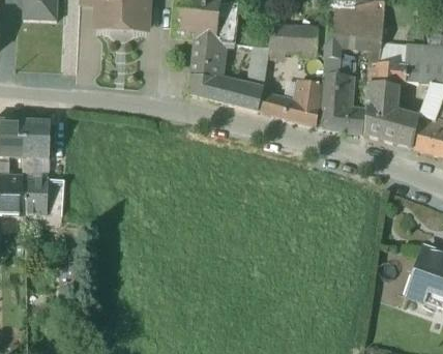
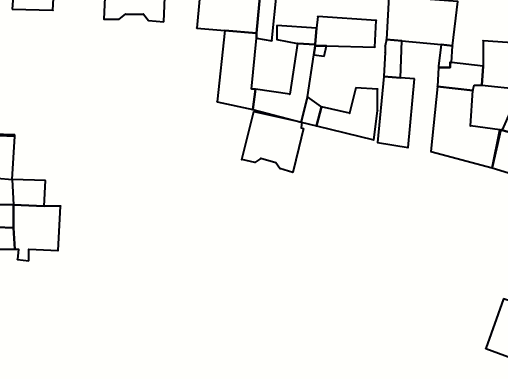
building: none -> [242,112,303,172]
building: [23,121,51,157] -> none

